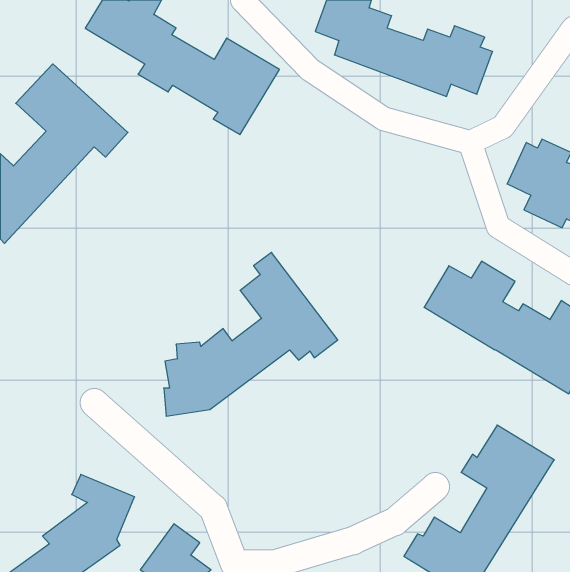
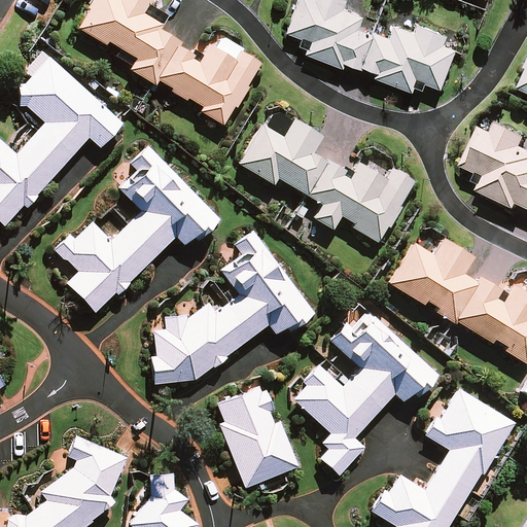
building: none -> [240,120,414,240]
building: none -> [57,147,218,310]
building: none -> [295,307,436,472]
building: none -> [219,385,295,485]

